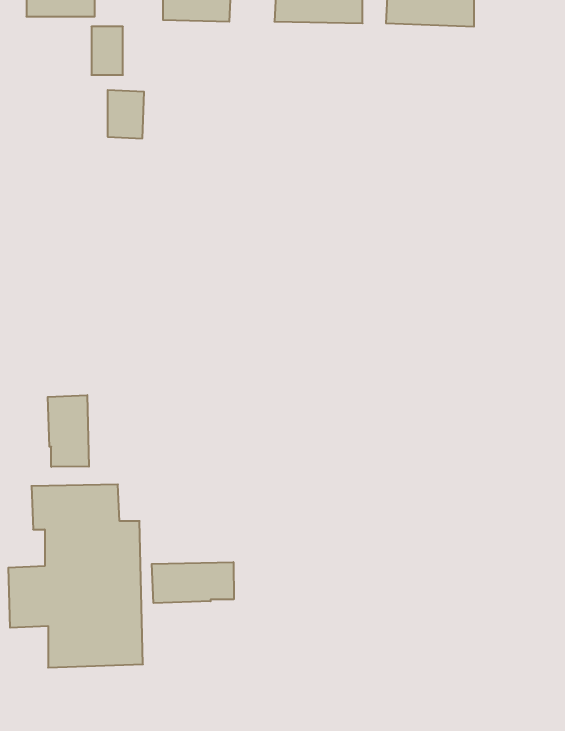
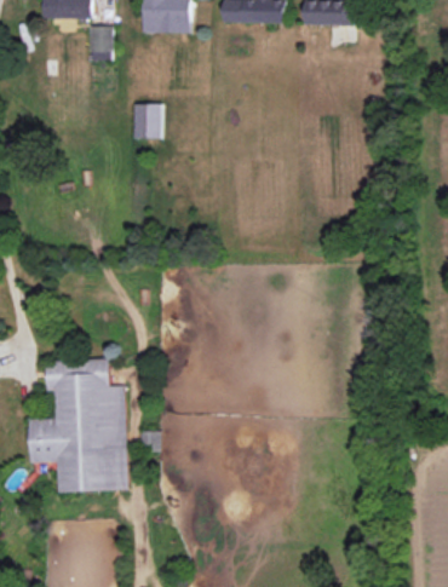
building: [108,90,144,138] -> [133,104,160,139]
building: [48,395,89,467] -> none
building: [152,562,234,603] -> none

